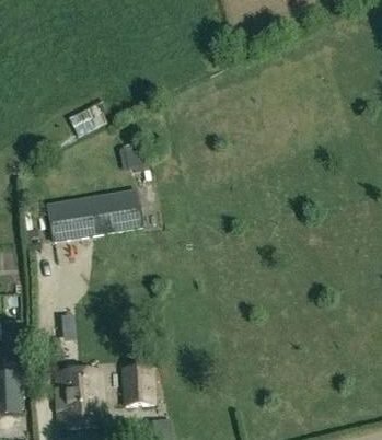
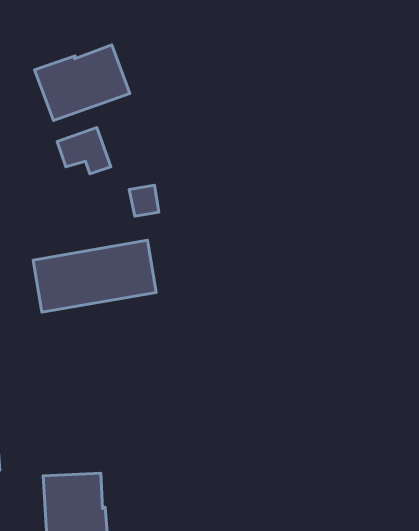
building: none -> [35,45,130,121]
building: [123,364,152,403] -> none

